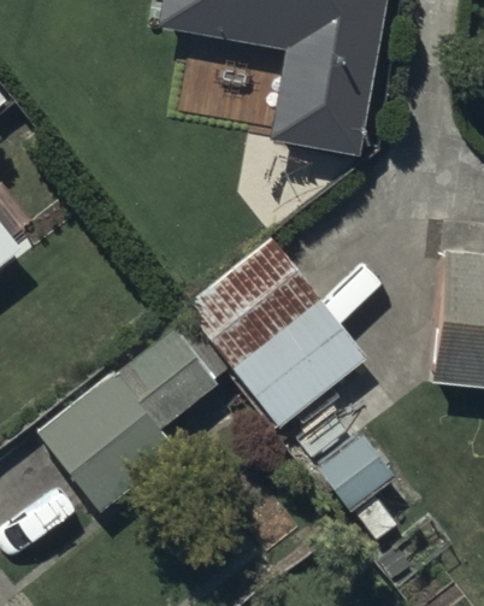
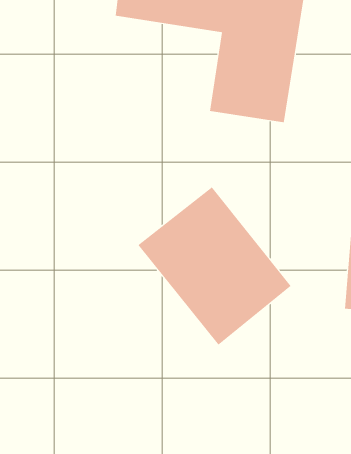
building: [36,328,225,513] -> none

